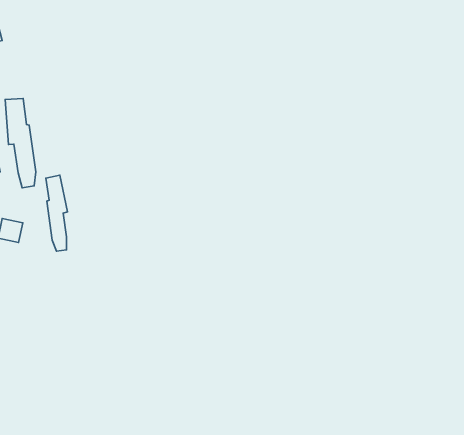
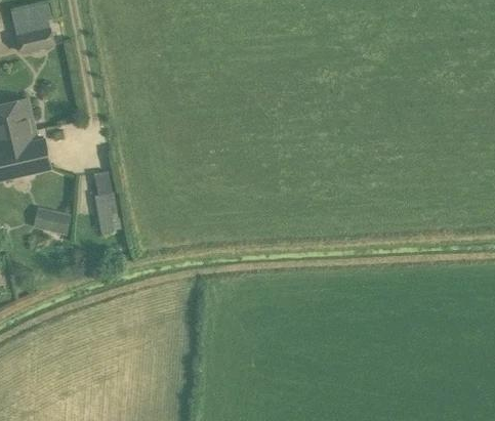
building: [5,98,36,188] -> none

